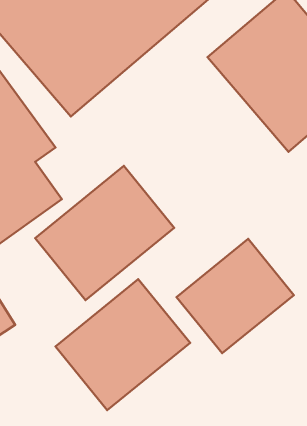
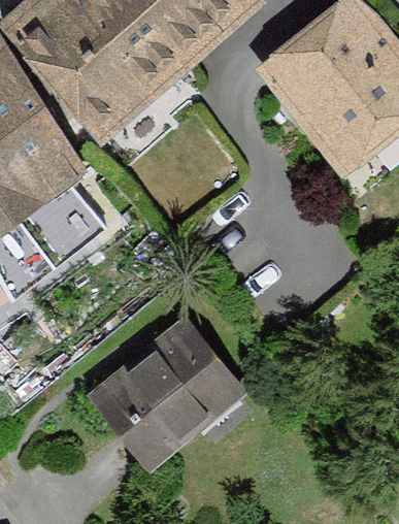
building: [35,166,174,300] -> none
building: [177,239,294,353] -> none

